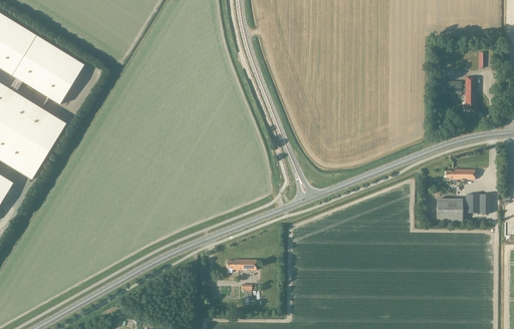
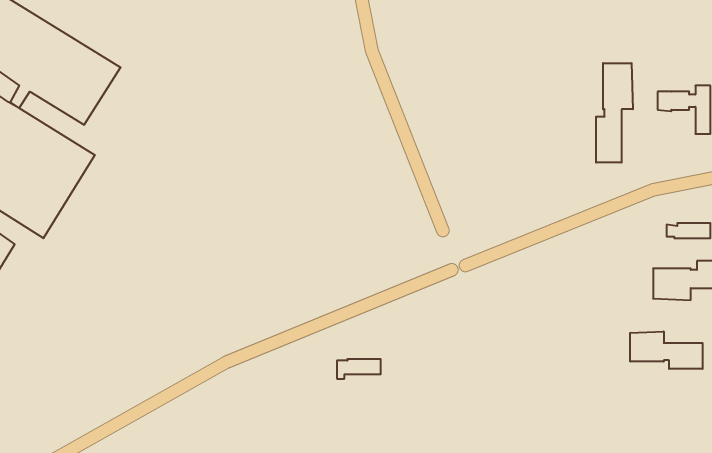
building: none -> [596,63,633,163]
building: none -> [630,331,703,369]

